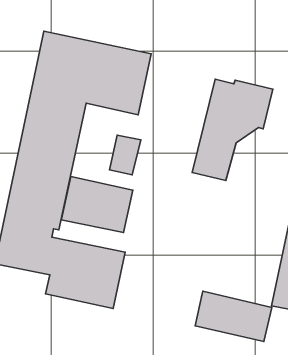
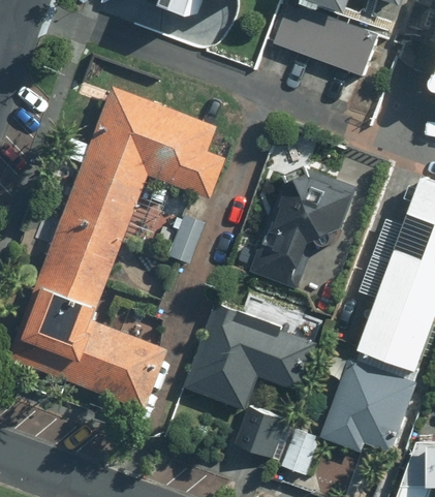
building: [61,177,133,232] -> none
building: none -> [184,310,318,409]

